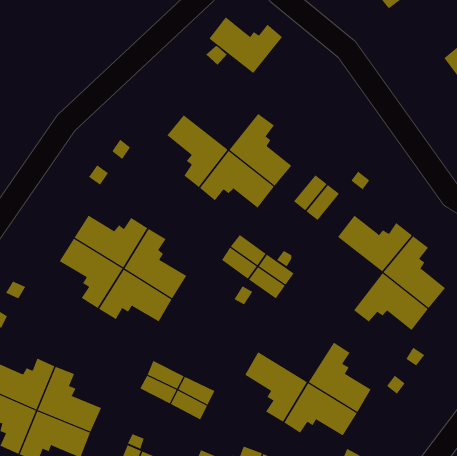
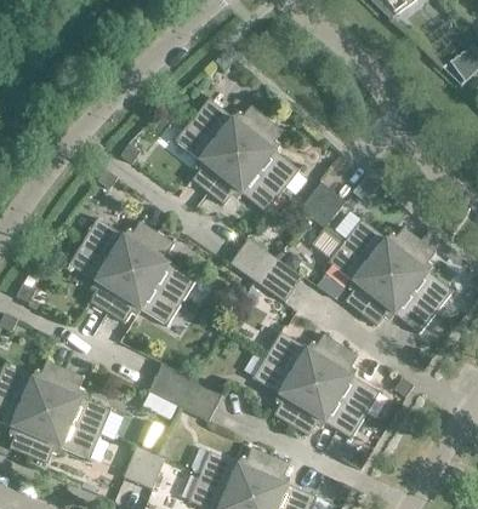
building: [208,16,283,74] -> [192,98,266,155]
building: none -> [328,241,389,314]
building: none -> [266,332,341,385]

